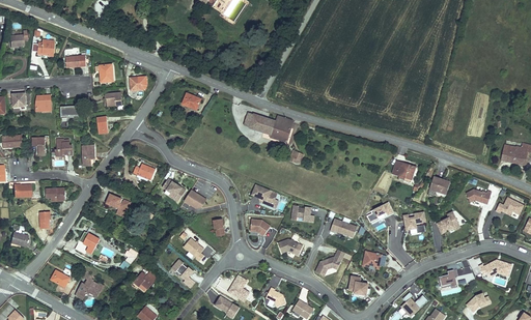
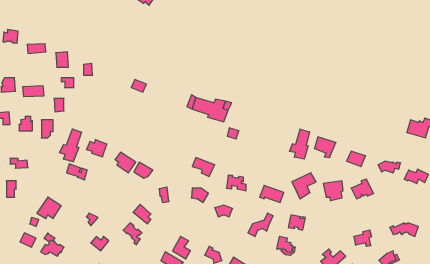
building: none -> [59,129,81,162]
building: none -> [290,129,310,159]

